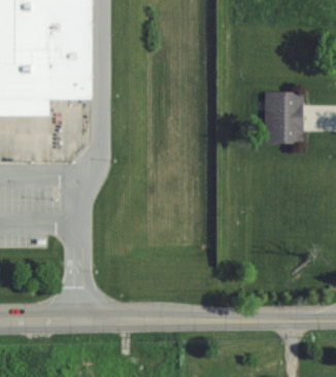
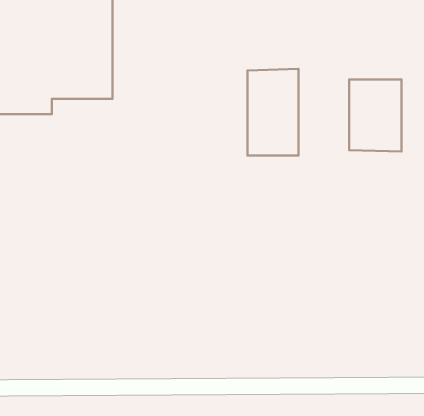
building: none -> [247,69,299,156]

